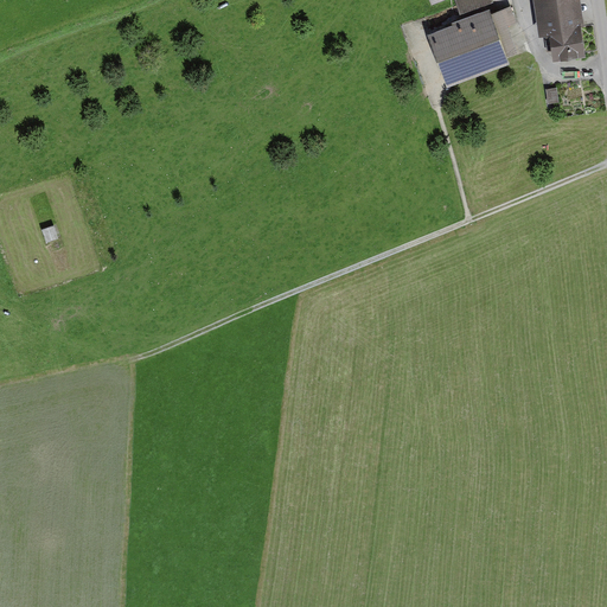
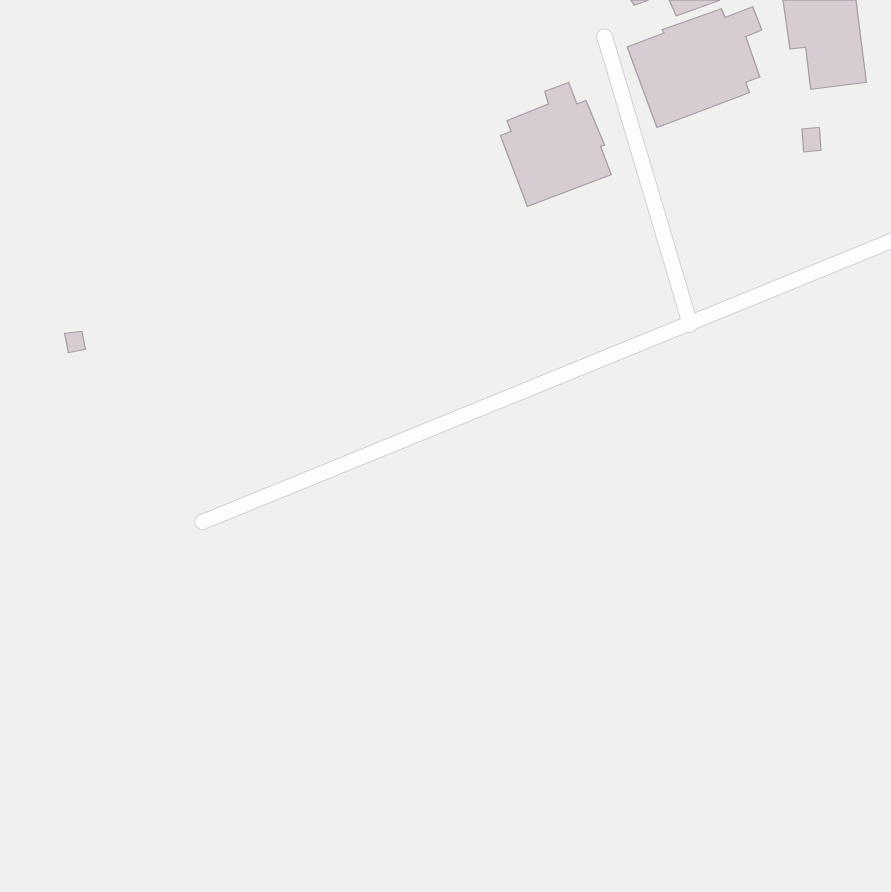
building: none -> [501,82,611,207]

